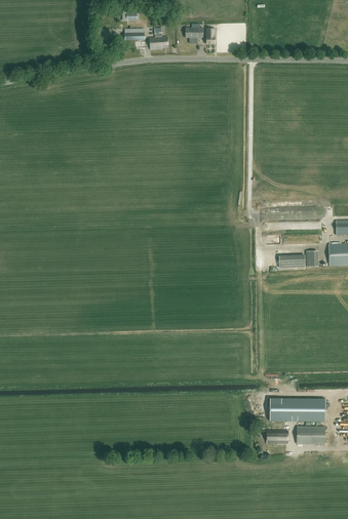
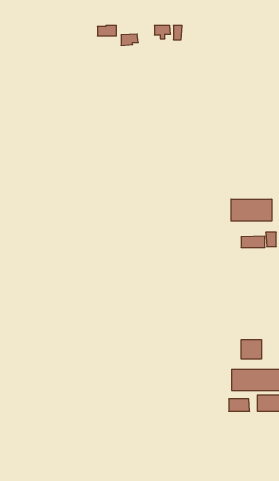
building: none -> [231,199,272,221]
building: none -> [241,340,261,359]

